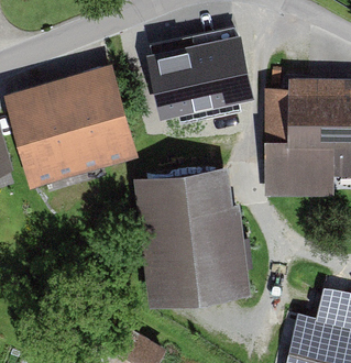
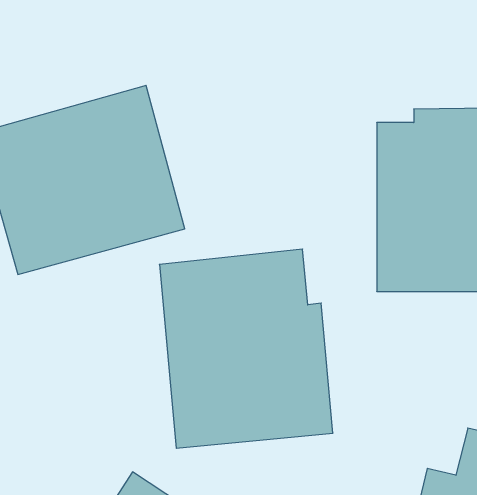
building: [149,34,255,117] -> none

